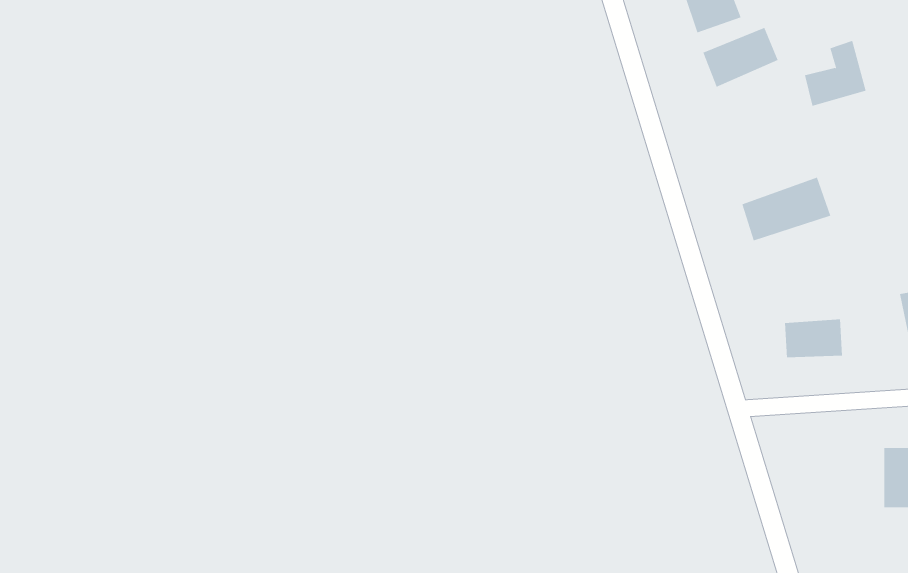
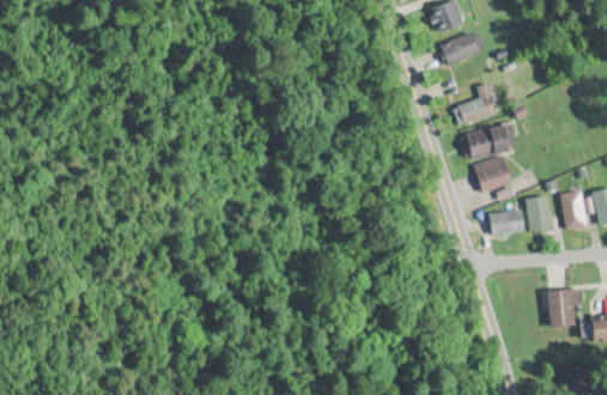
building: [804,40,866,106] -> [460,83,498,123]
building: none -> [473,153,514,193]
building: none -> [526,195,552,231]

